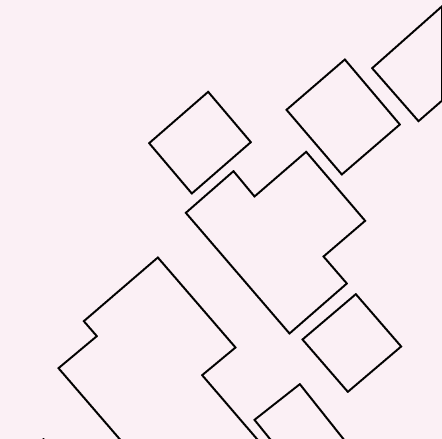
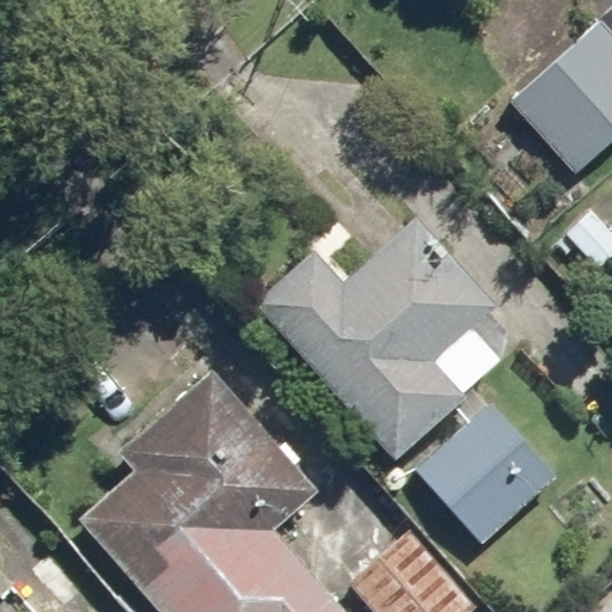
building: [287,60,400,175] -> none
building: [149,92,251,193] -> none

